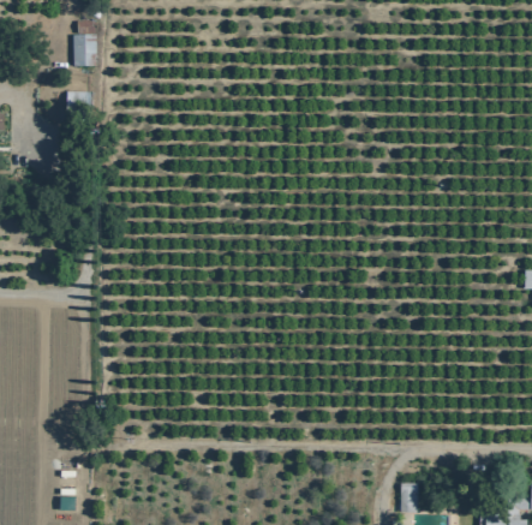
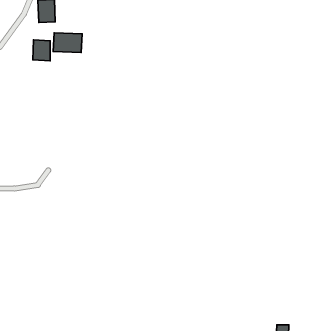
building: none -> [53,33,82,53]

